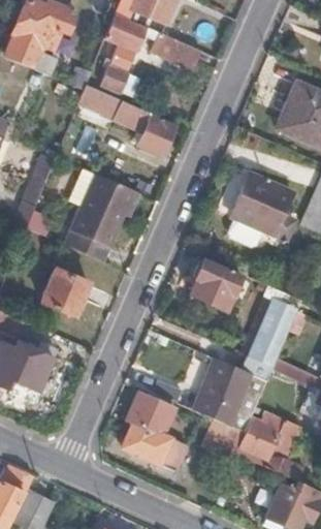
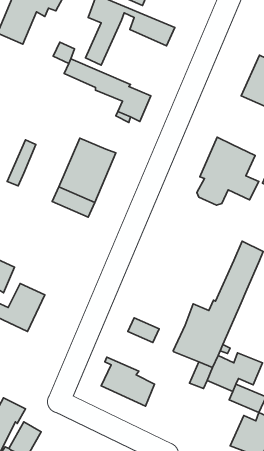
building: [190,260,240,312] -> none
building: [39,267,89,316] -> none
building: [126,392,173,435] -> none

